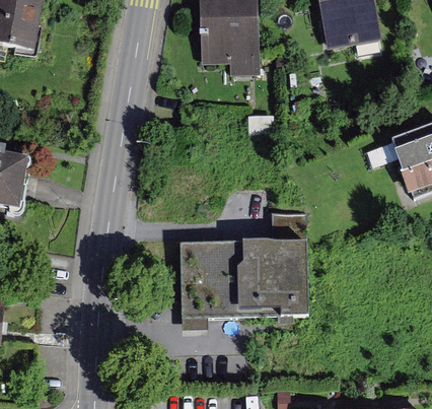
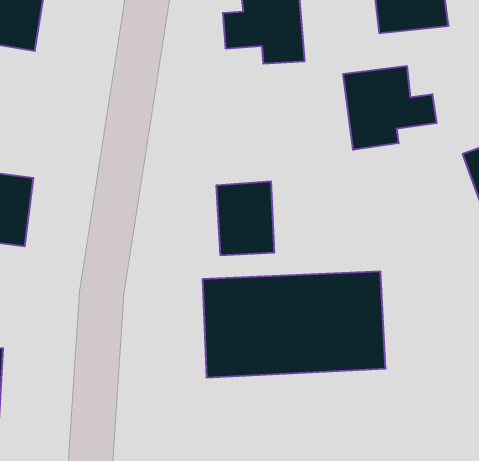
building: none -> [343,66,436,150]
building: none -> [216,181,274,255]

